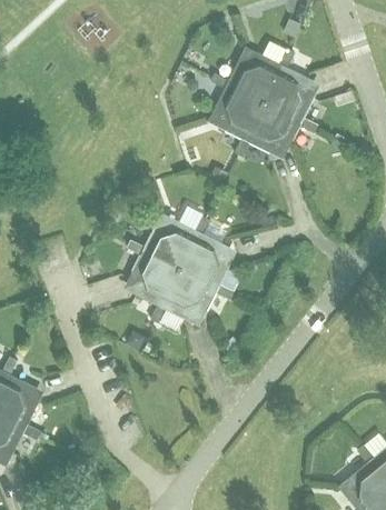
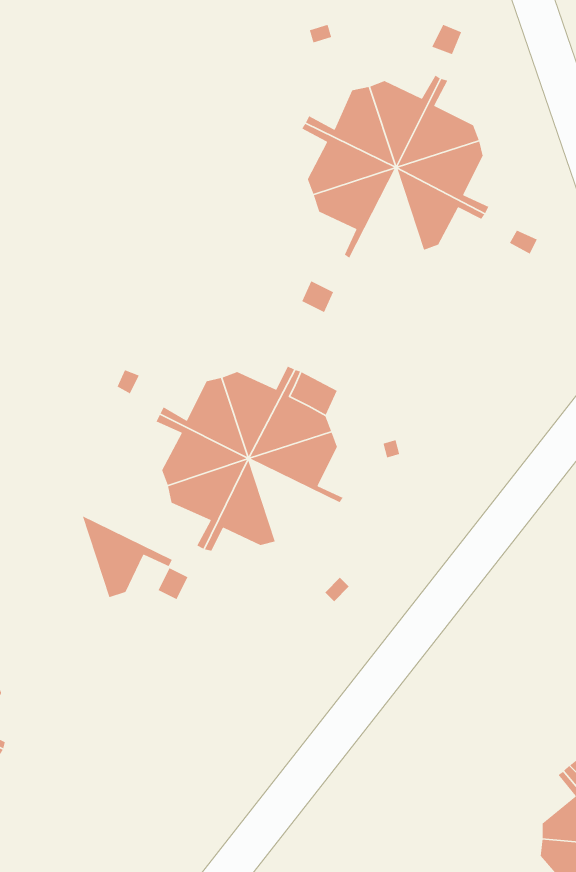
building: [237,103,279,158] -> none
building: [179,270,231,318] -> [82,515,173,598]

